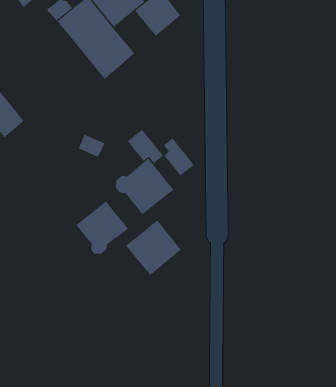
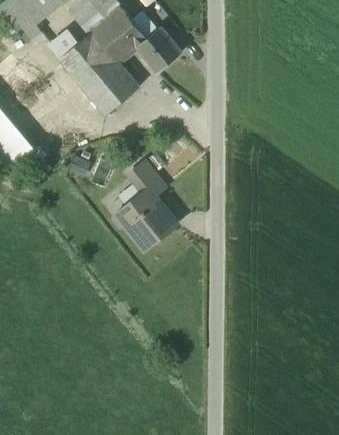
building: [163,137,194,176] -> none
building: [76,200,129,255] -> none
building: [125,220,181,276] -> none

